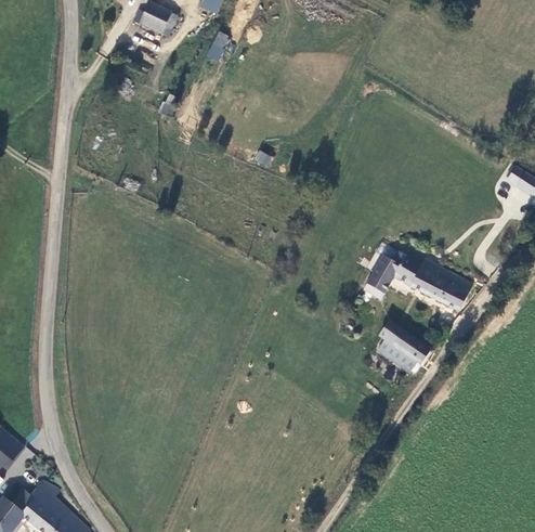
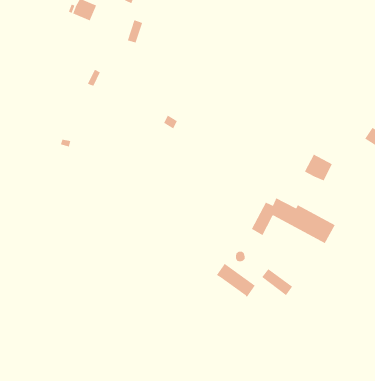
building: none -> [304,153,333,182]
building: [380,322,430,365] -> [216,263,256,298]

